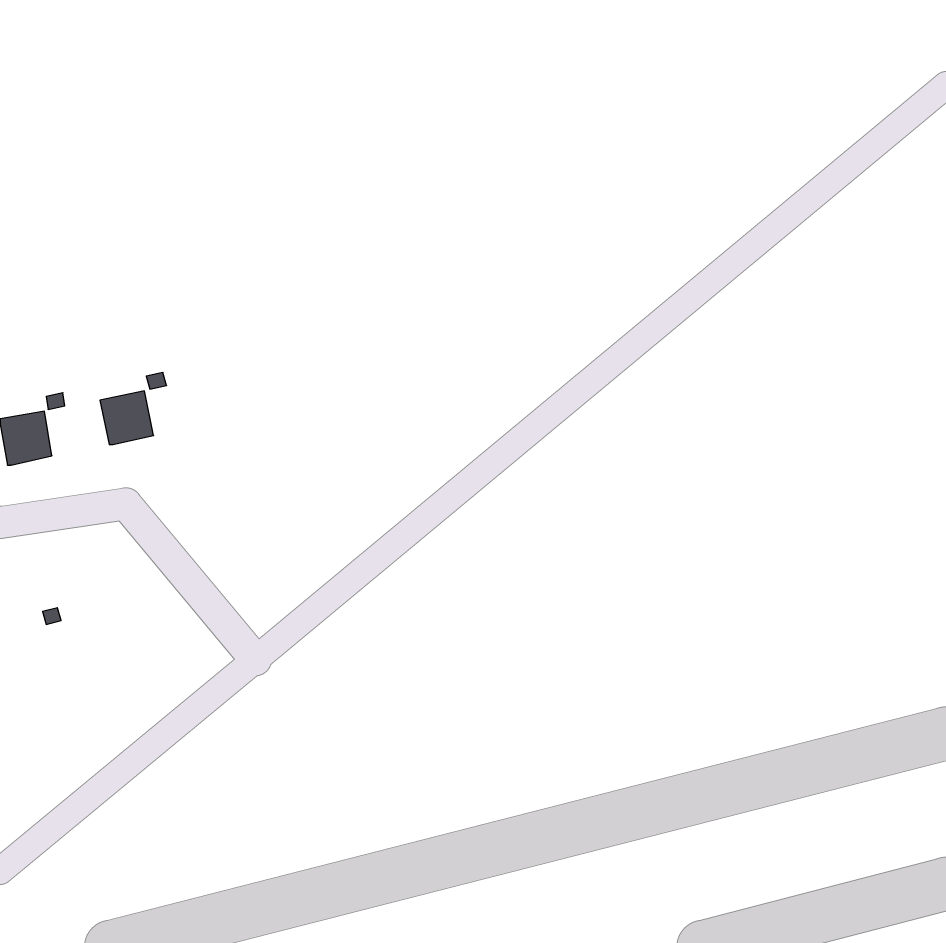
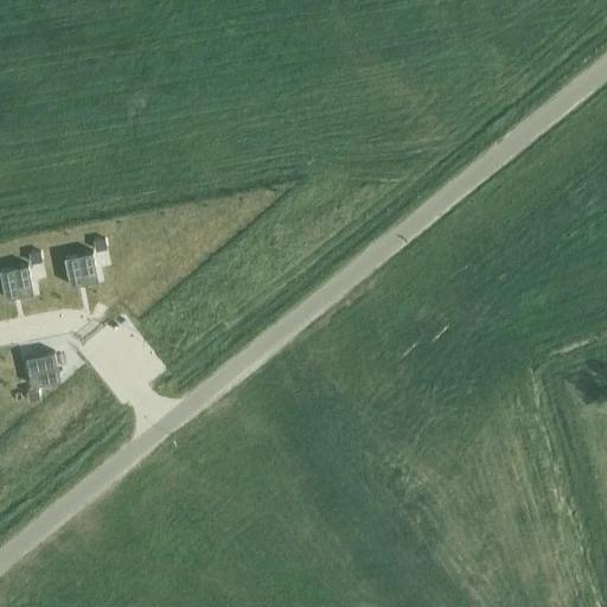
building: none -> [26,353,60,388]

